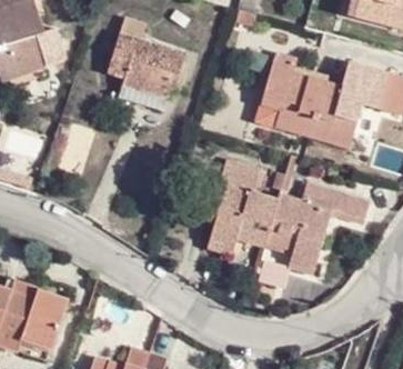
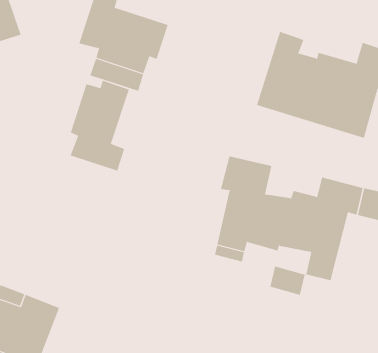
building: none -> [70,80,130,172]

